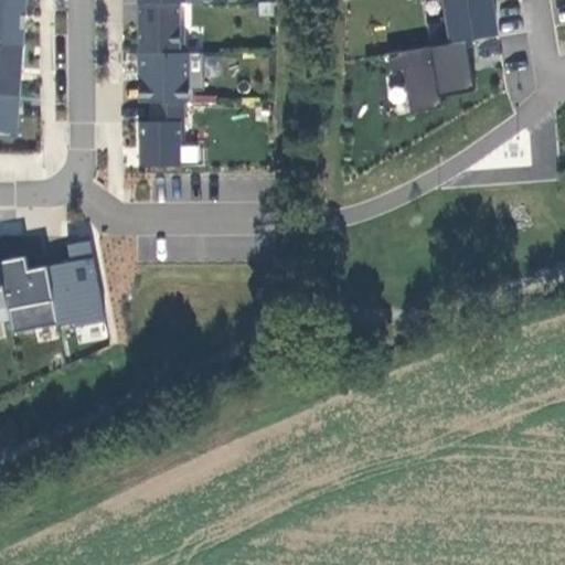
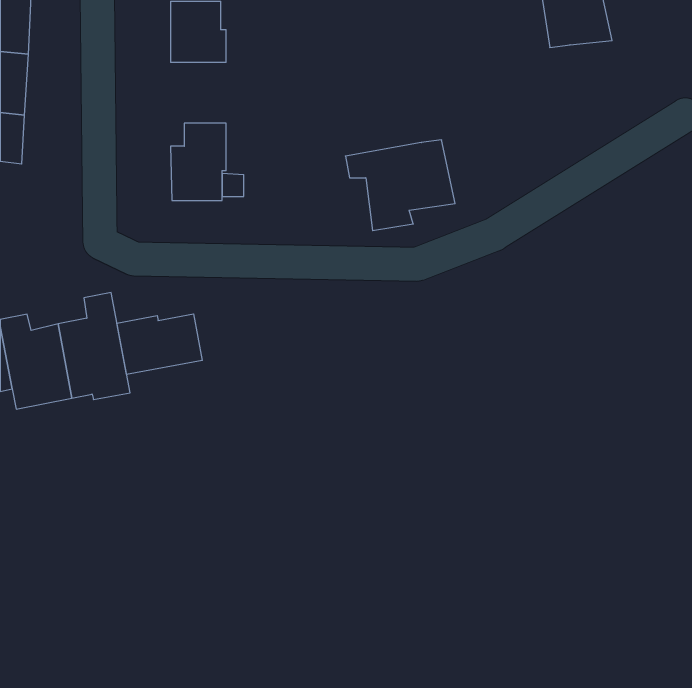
building: [386,36,476,110] -> [345,140,455,231]
building: [139,51,203,100] -> none
building: none -> [117,314,202,375]

